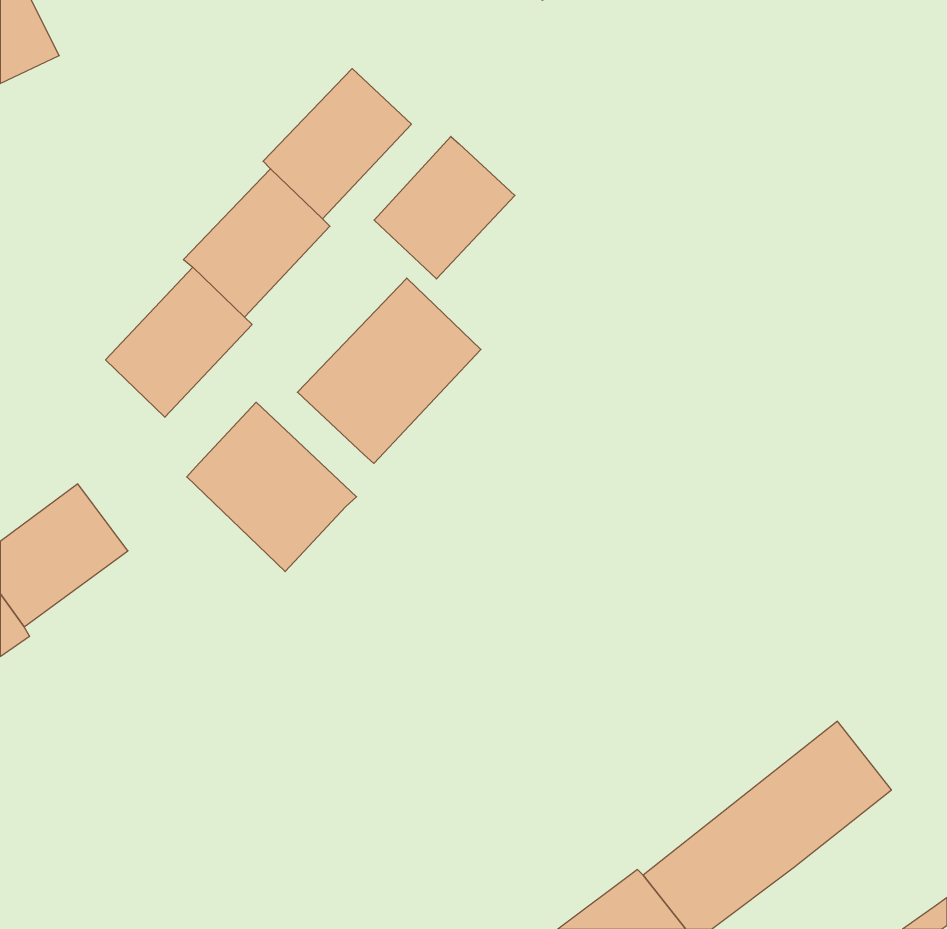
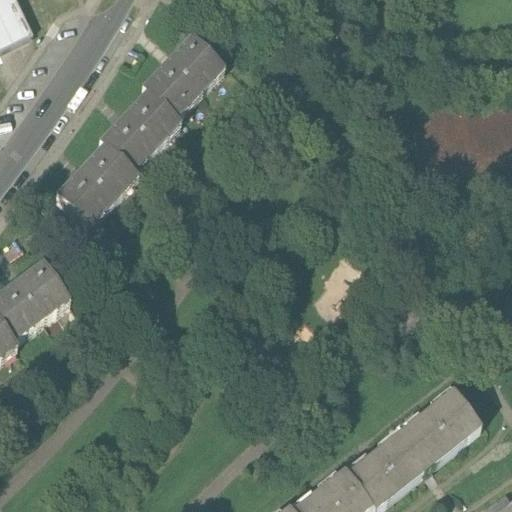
building: [374,136,515,279] -> none
building: [297,278,481,463] -> none
building: [187,402,357,572] -> none

